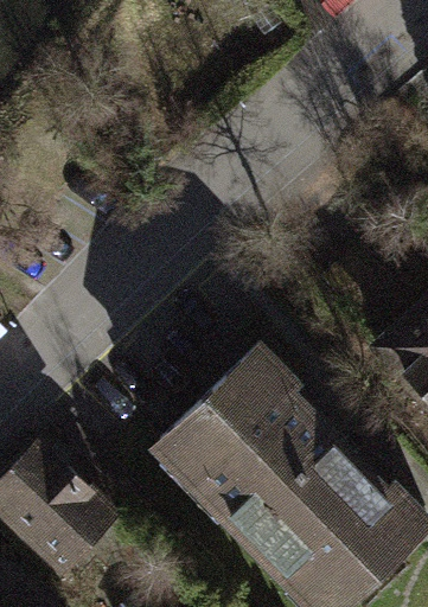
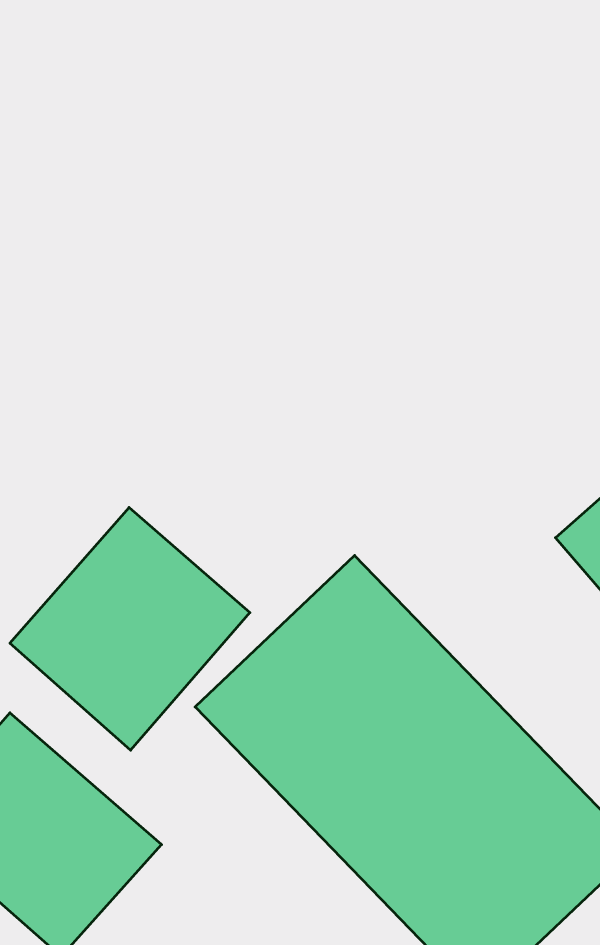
building: none -> [10,507,250,750]

